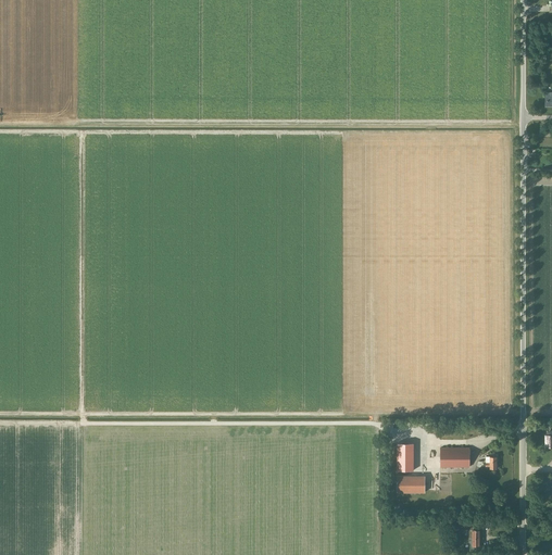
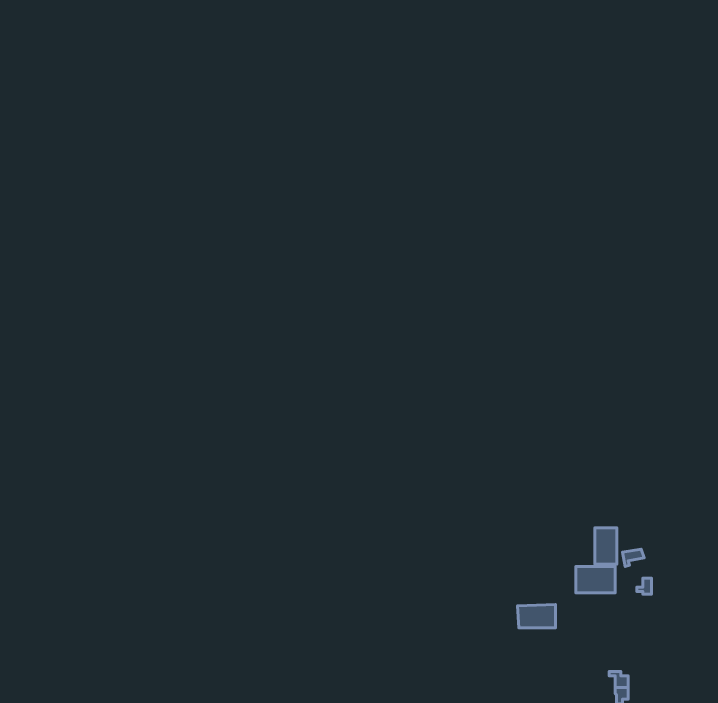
building: [397,443,413,470] -> [595,528,617,564]

